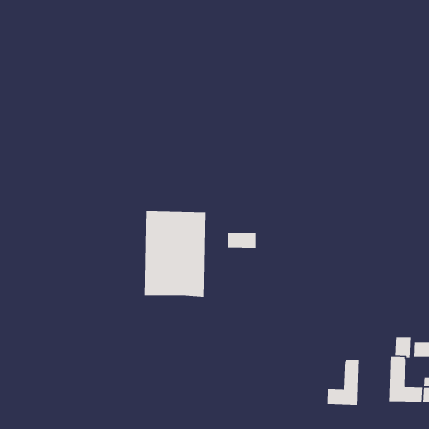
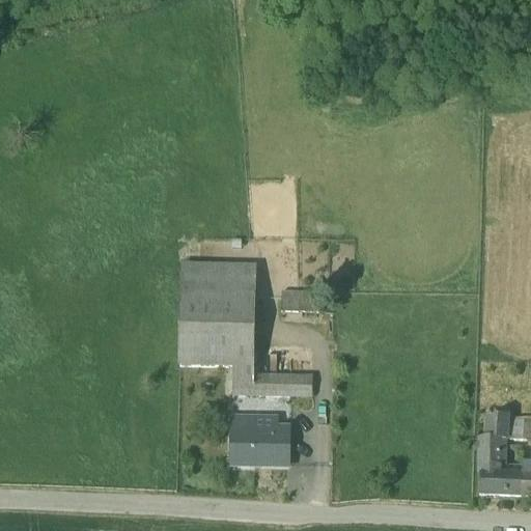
building: none -> [228,365,312,396]
building: none -> [231,415,288,462]
building: [327,359,359,406] -> none

